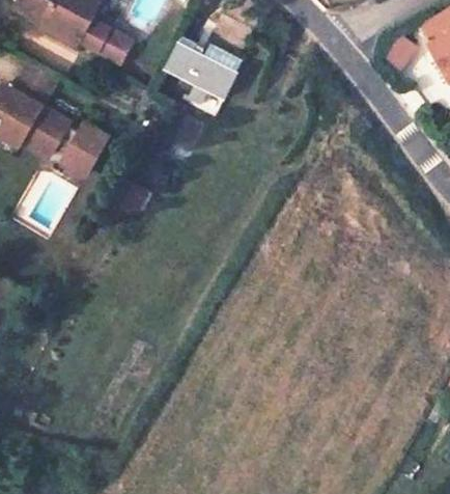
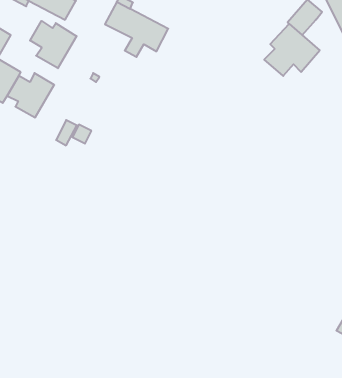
building: none -> [30,21,77,68]
building: none -> [264,24,320,76]

